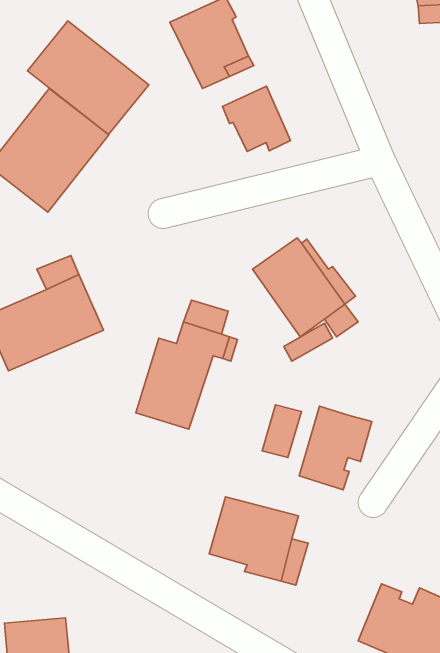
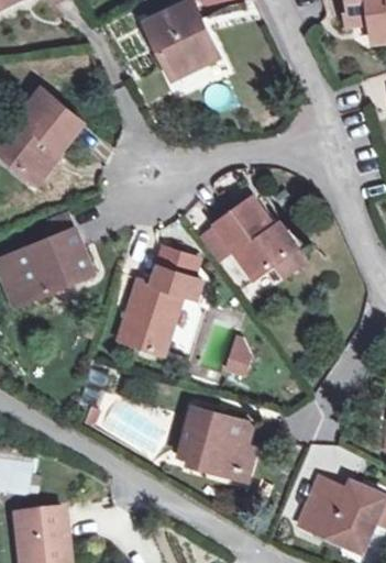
building: [28,21,149,134] -> none
building: [223,86,290,152] -> none
building: [299,406,372,490] -> none

